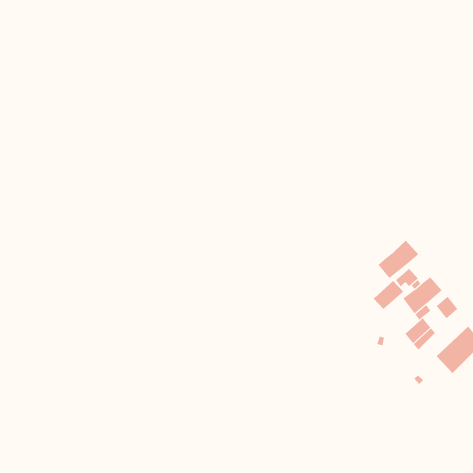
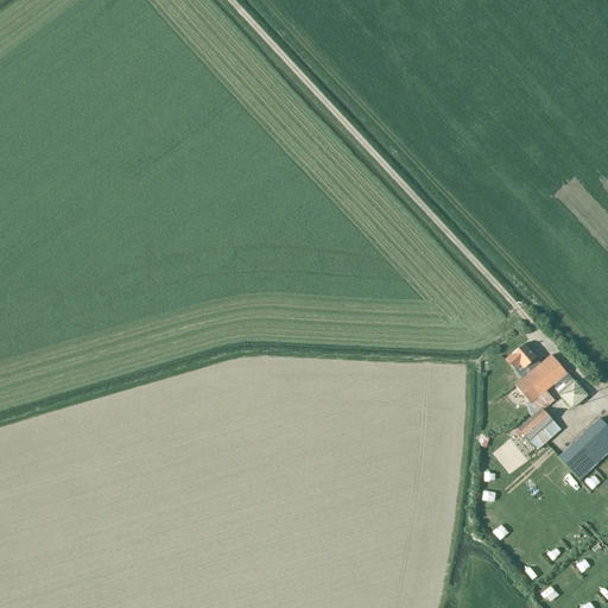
building: [378,240,419,279] -> none
building: [373,280,404,310] -> none

